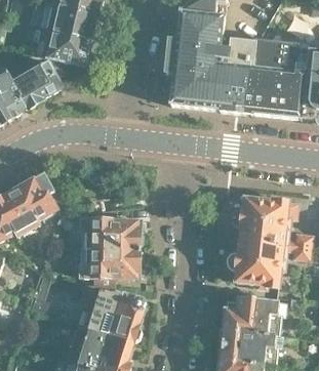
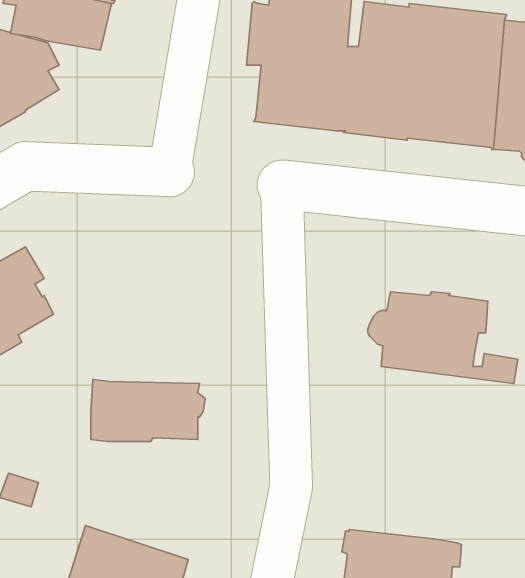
building: [81,216,143,247] -> none
building: [227,238,312,289] -> none
building: [77,287,146,343] -> none
building: [222,296,286,334] -> none

